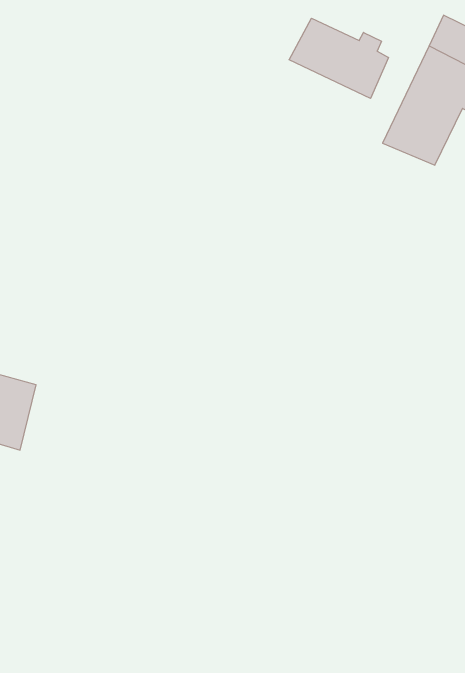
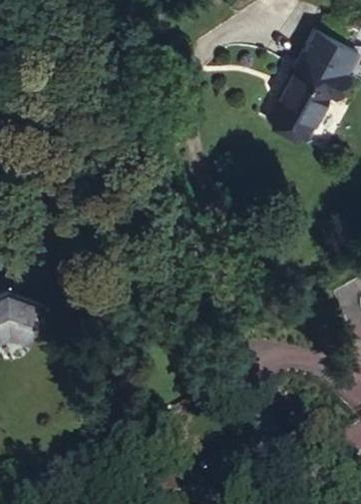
building: [289,18,388,98] -> none

